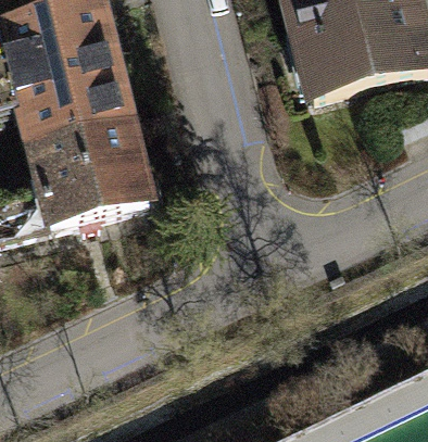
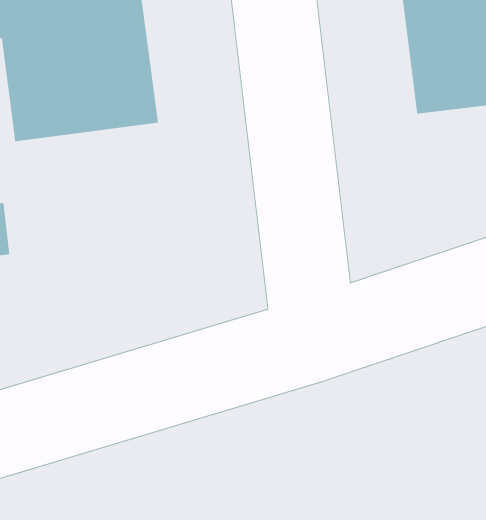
building: [26,119,148,225] -> none

